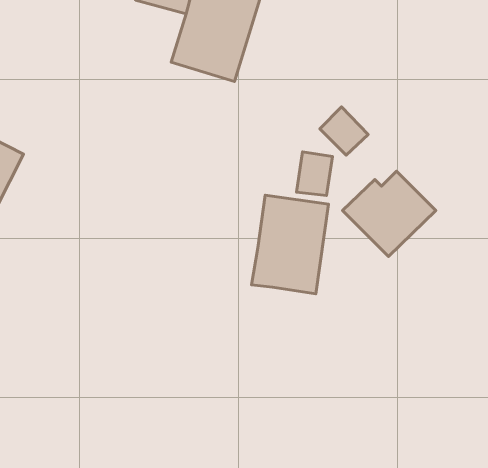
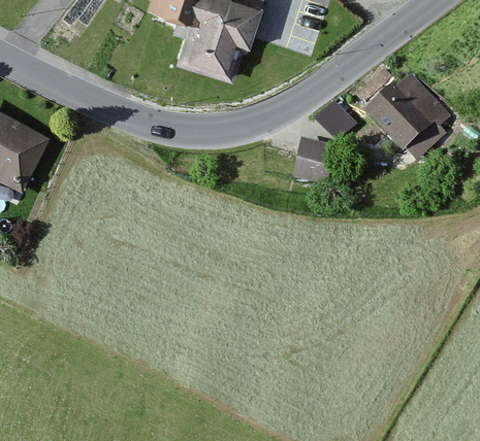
building: [342,171,436,256] -> [364,75,448,151]
building: [251,195,329,294] -> none

